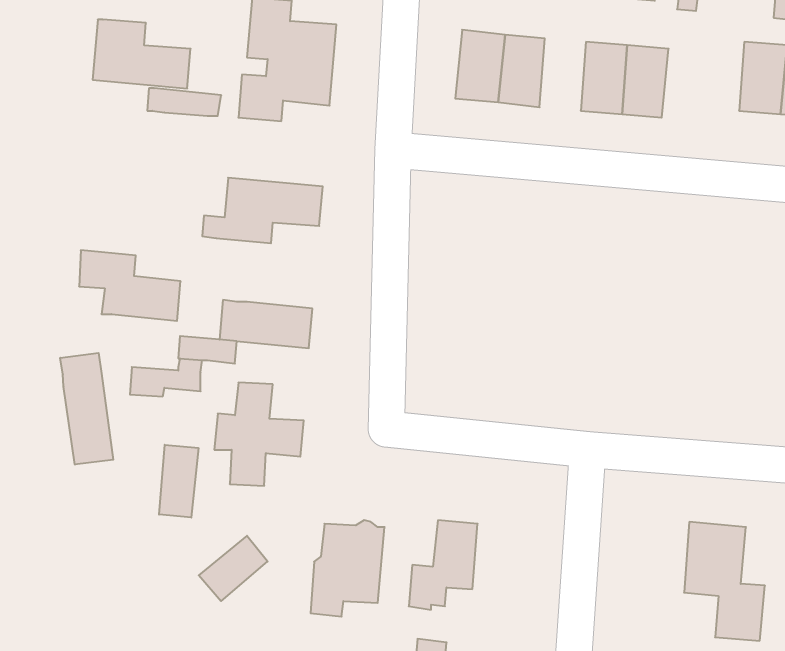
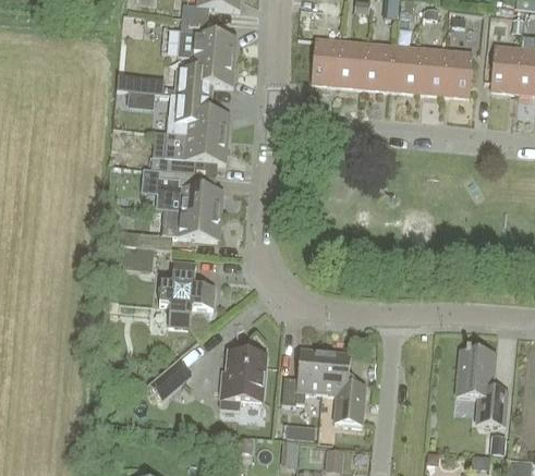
building: [93,20,191,88] -> [167,94,229,137]
building: none -> [364,44,393,89]
building: none -> [441,50,473,96]
building: [79,250,181,321] -> [158,170,222,215]
building: [60,353,113,465] -> none
building: [159,445,198,518] -> none
building: none -> [321,351,365,425]

